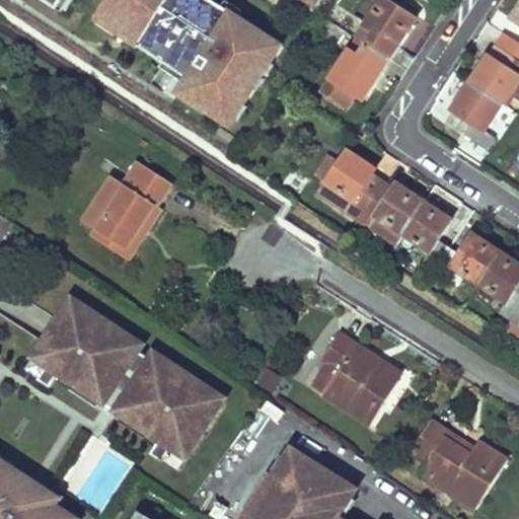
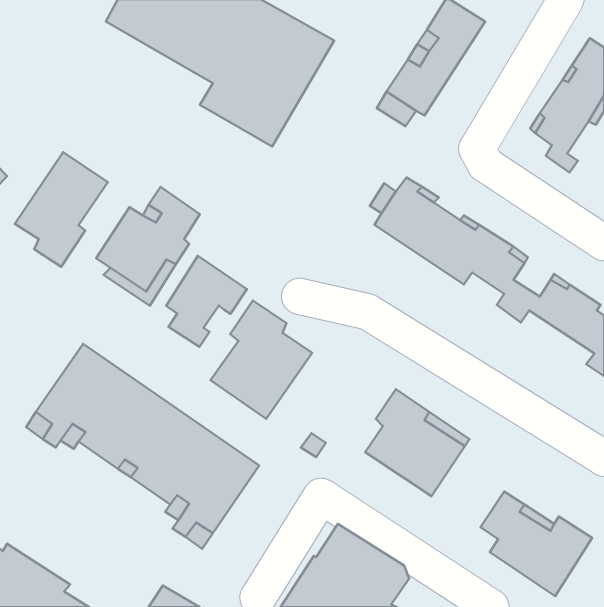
building: none -> [15,152,108,267]
building: none -> [166,256,247,347]
building: none -> [210,300,312,419]

